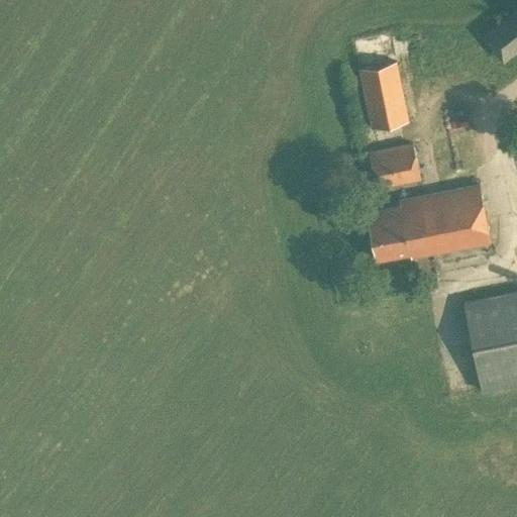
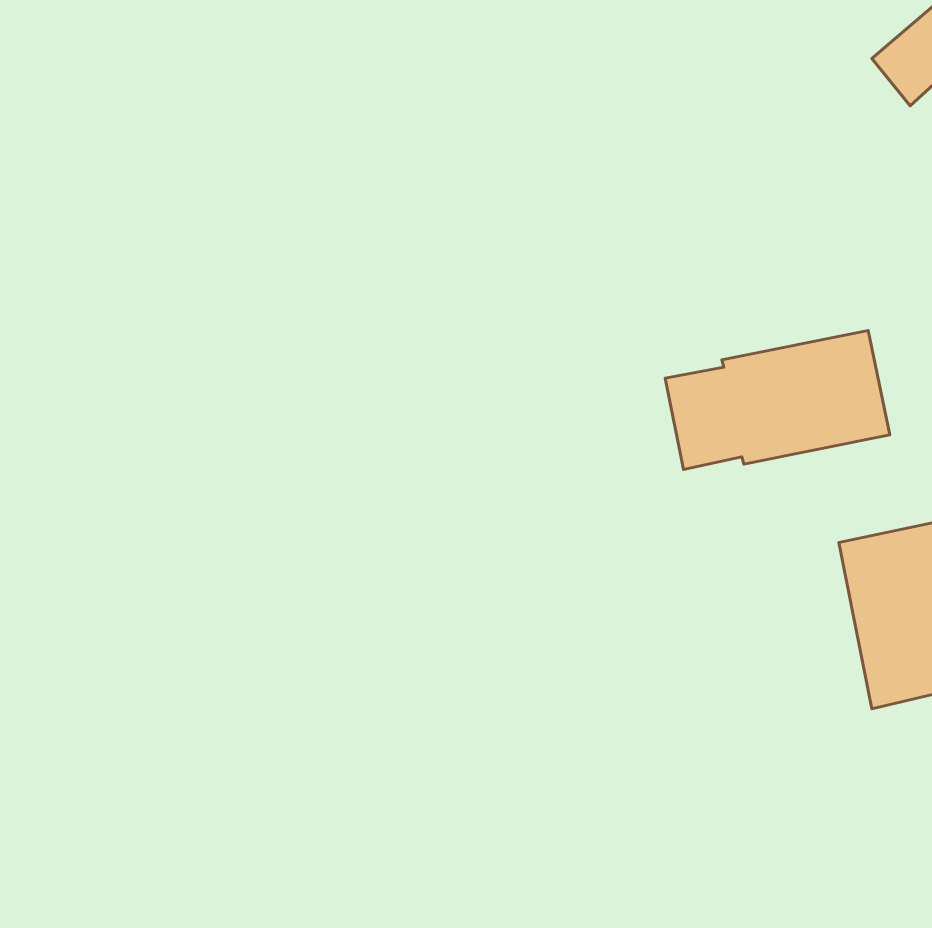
building: [359,64,411,130] -> none
building: [371,144,422,191] -> none

